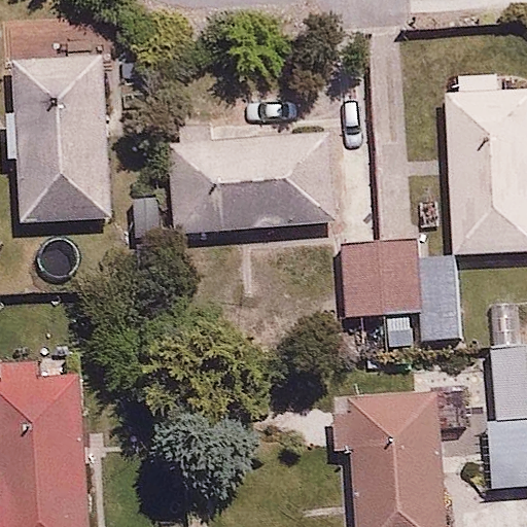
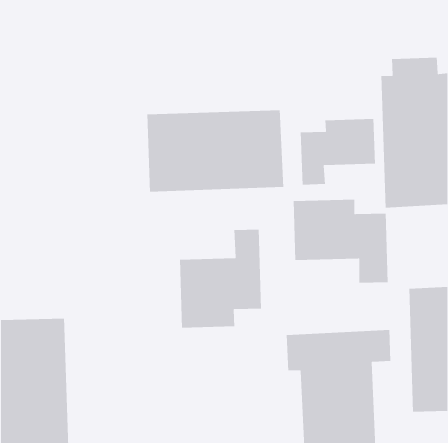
building: [14,57,111,225] -> none
building: none -> [300,118,376,185]
building: none -> [179,229,262,328]

